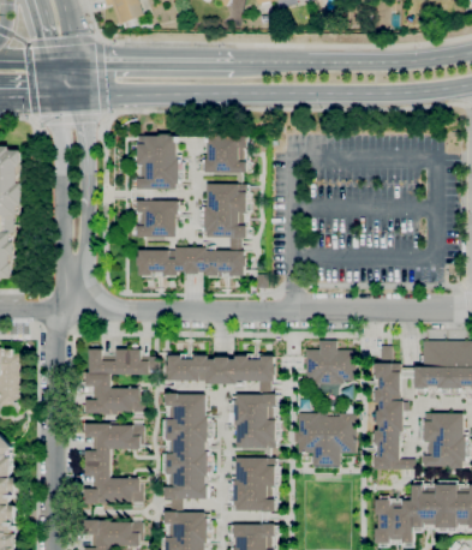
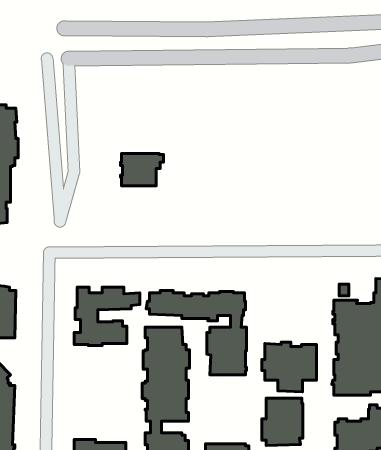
building: [136,133,185,190] -> none
building: [203,134,249,173] -> none
building: [136,184,251,277] -> none
building: [304,340,354,384] -> none
building: [84,423,143,503] -> none
building: [231,458,276,510] -> [262,398,303,446]

